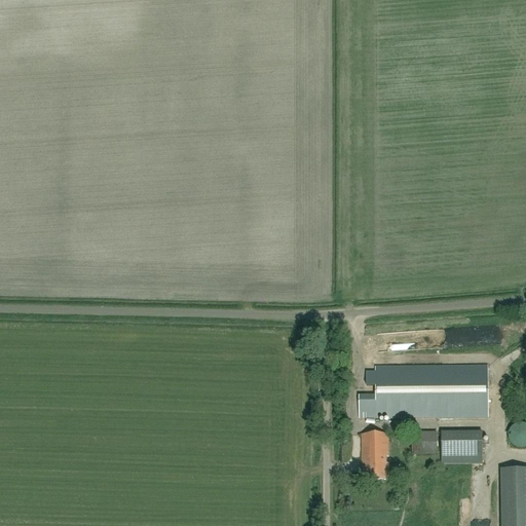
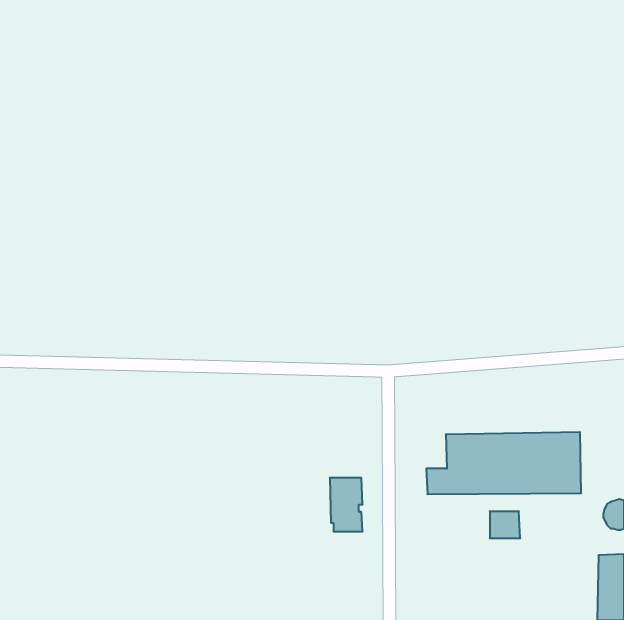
building: [441,430,482,462] -> none
building: [362,433,389,478] -> [330,478,363,531]

